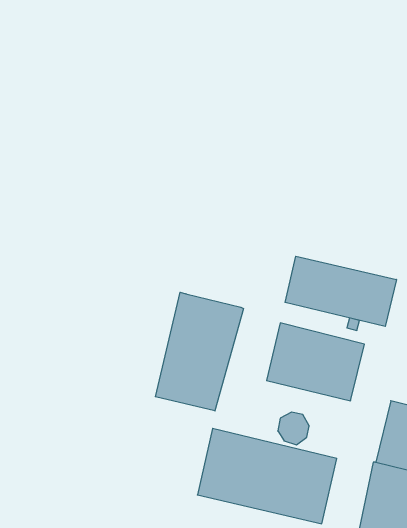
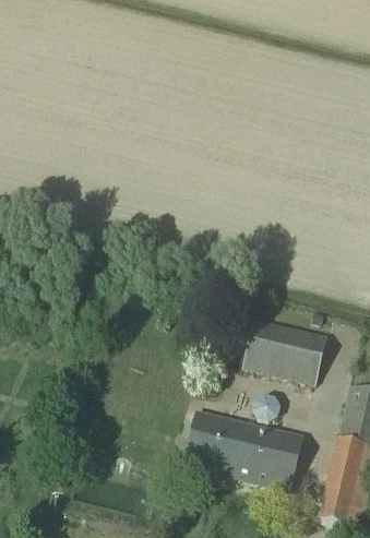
building: [285,256,396,326] -> none
building: [155,292,243,411] -> none

